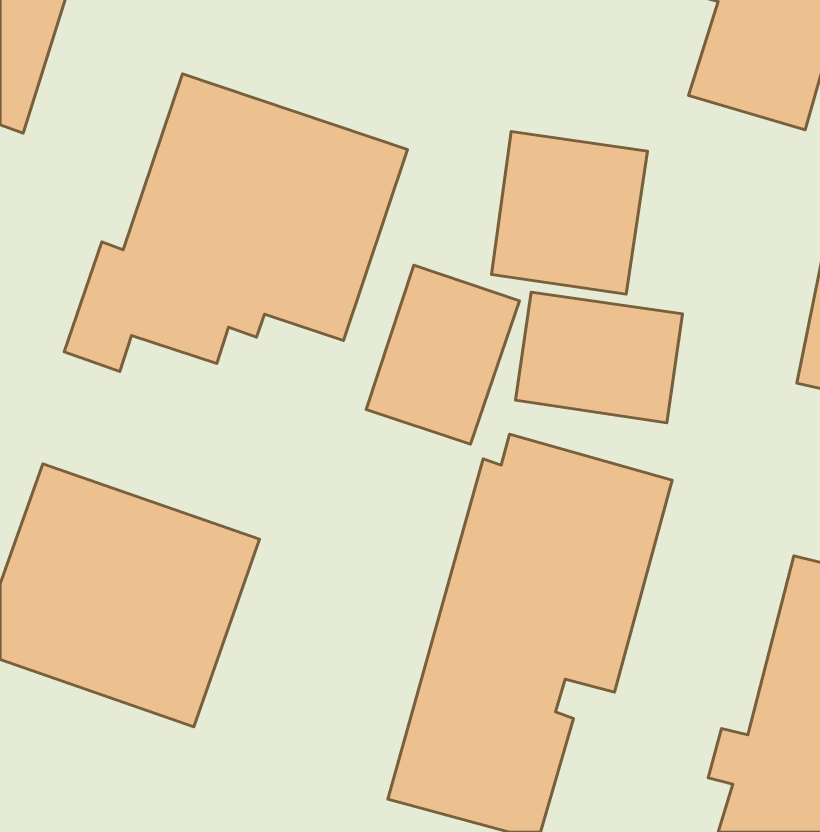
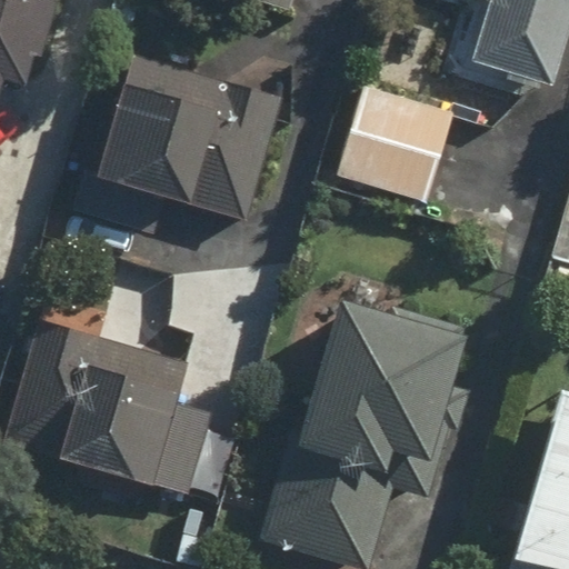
building: [366,265,520,444] -> none
building: [516,292,682,423] -> none

